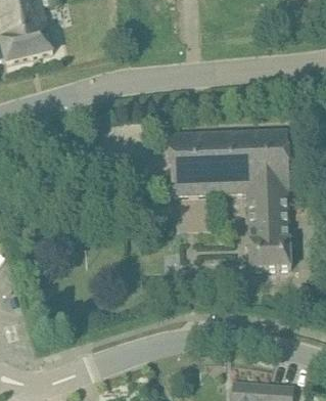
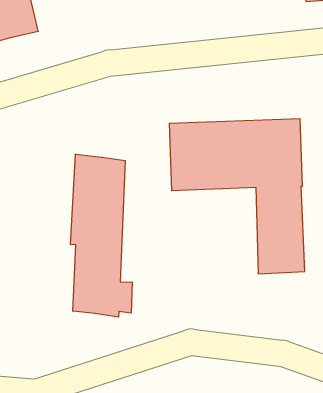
building: none -> [71,154,132,317]

